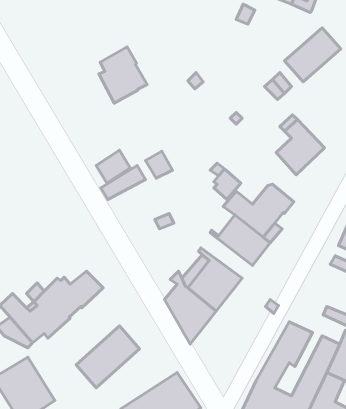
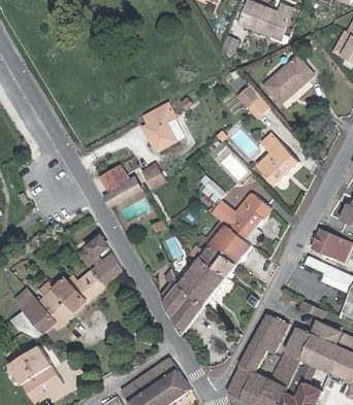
building: [99,47,147,103] -> [141,103,184,153]
building: none -> [76,234,121,284]
building: none -> [190,241,235,276]
building: [76,326,140,388] -> none

